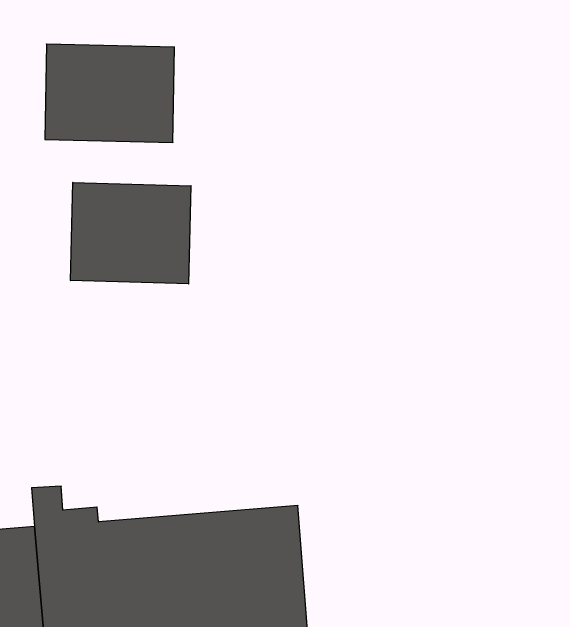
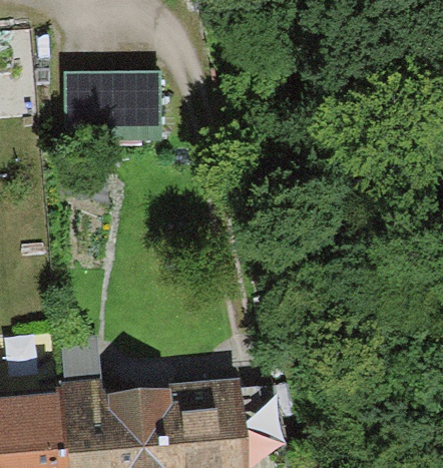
building: [71,182,191,284] -> none

